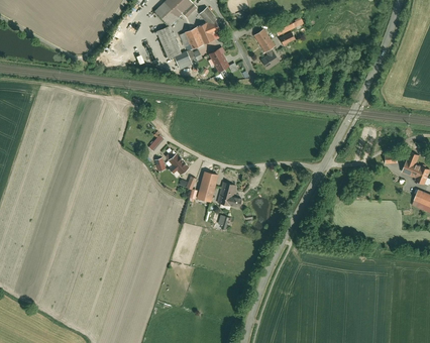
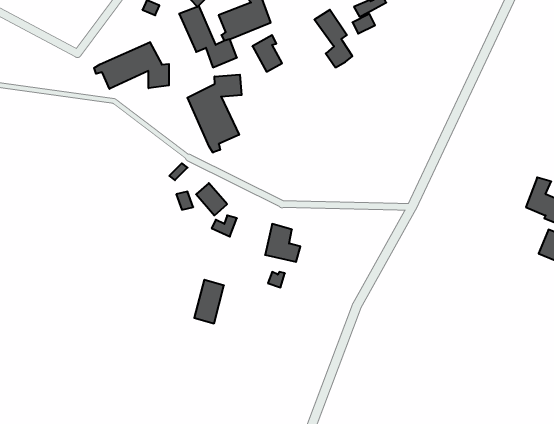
building: none -> [94,42,169,89]
building: none -> [187,75,242,153]
building: [197,172,218,203] -> [194,280,224,323]

